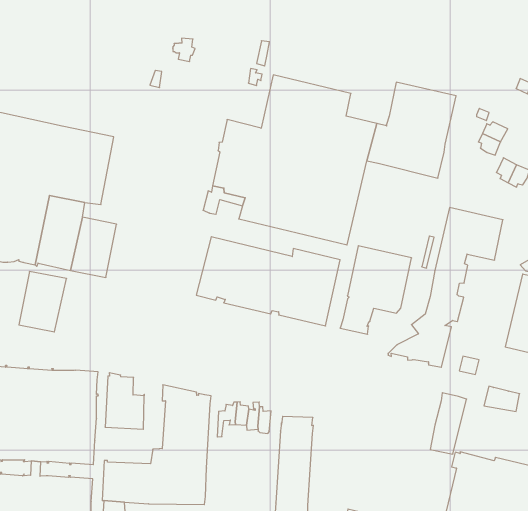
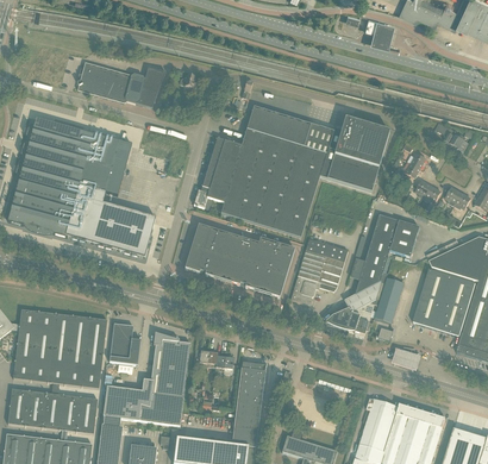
building: none -> [76,62,165,107]
building: [19,272,67,332] -> [117,209,155,256]
building: [430,393,467,454] -> [373,276,402,322]

